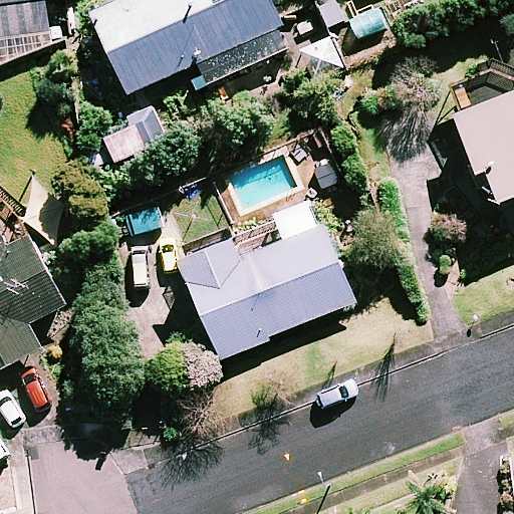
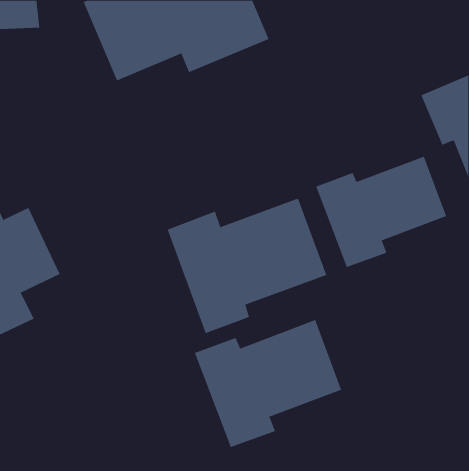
building: none -> [315,156,447,268]
building: none -> [194,319,342,448]

